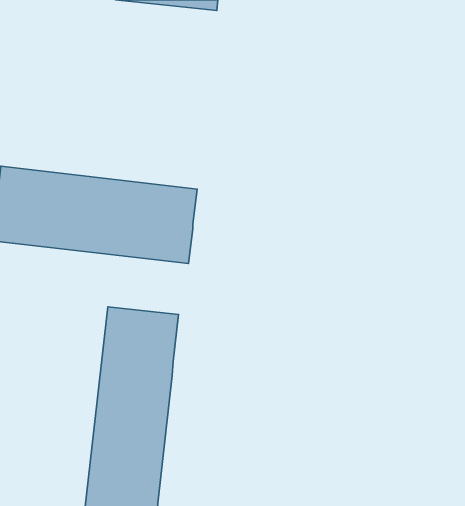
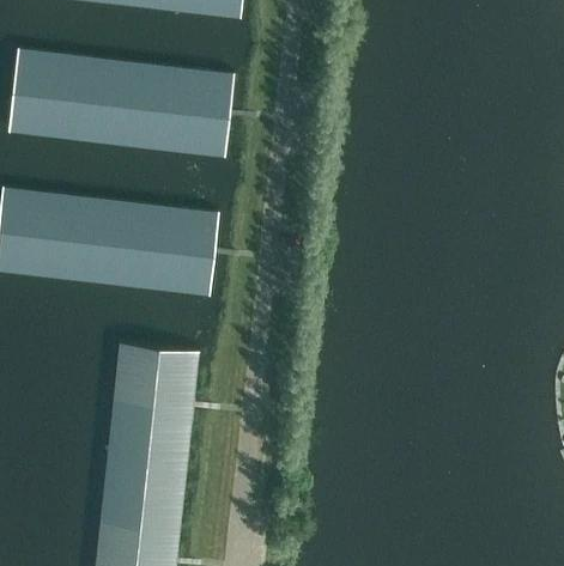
building: none -> [10,49,235,156]

